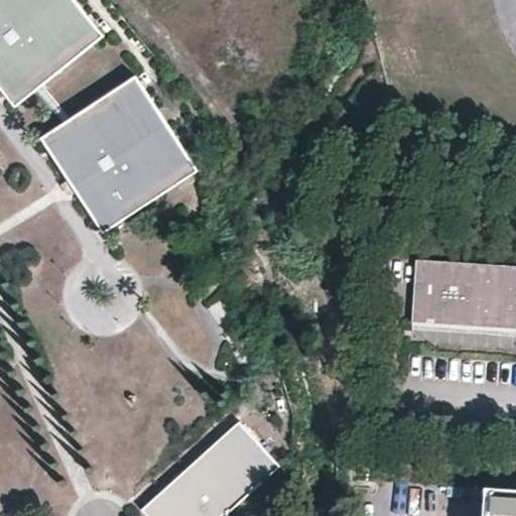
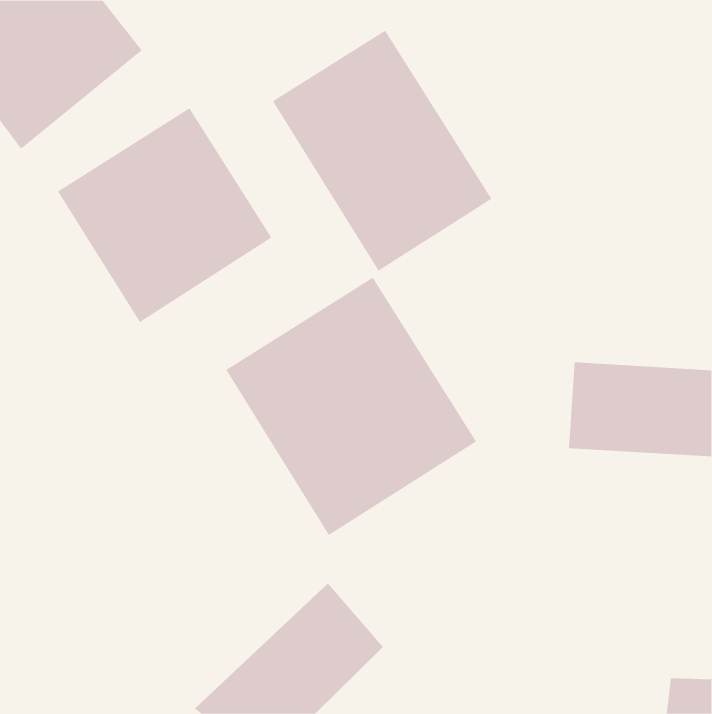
building: none -> [272,30,492,271]
building: none -> [226,277,477,536]

